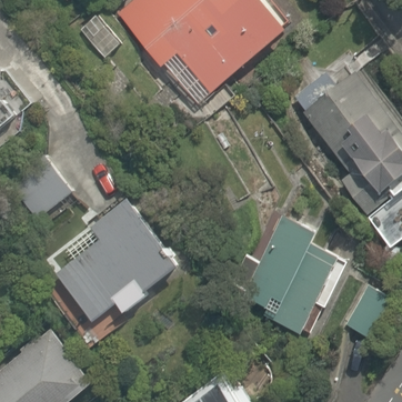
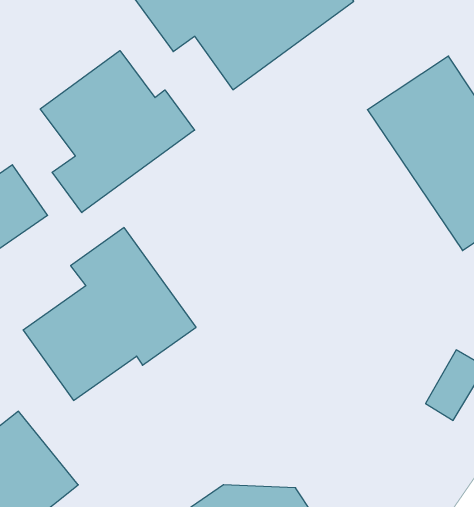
building: none -> [40,51,195,213]
building: [248,217,340,330] -> none

